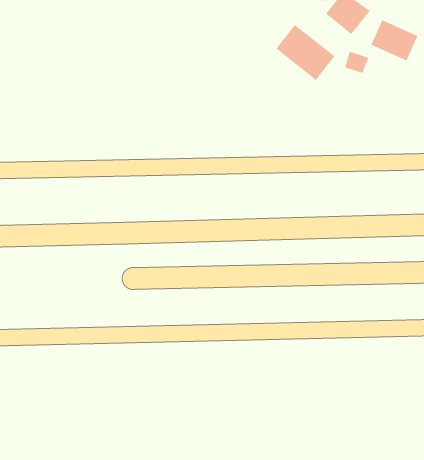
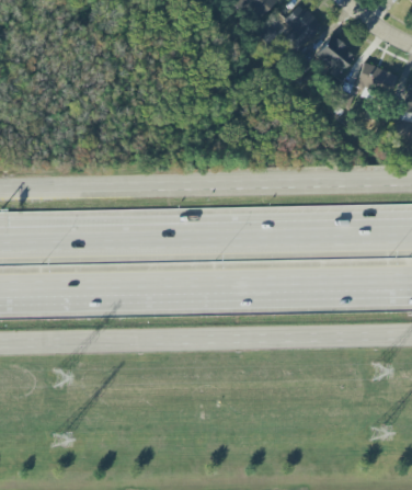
building: [275,24,335,81] -> none

